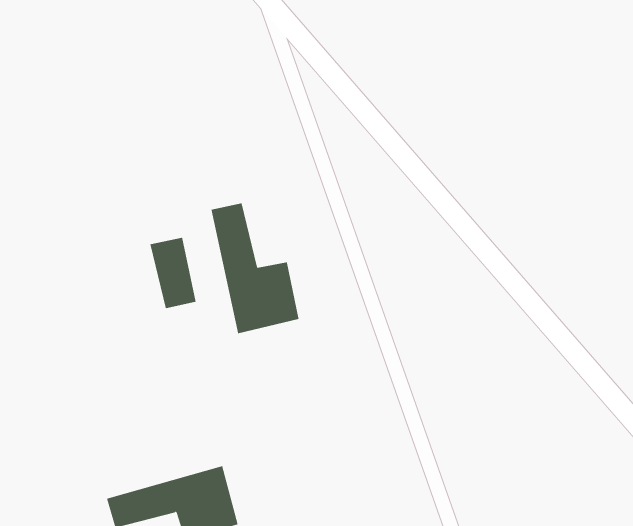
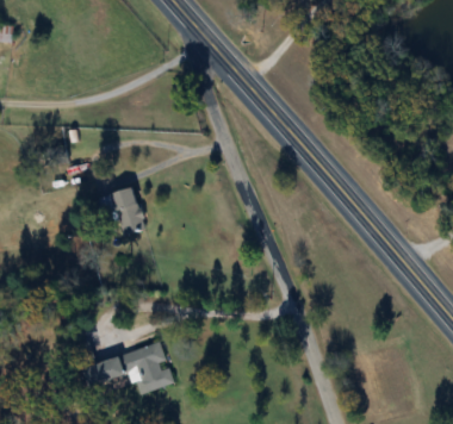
building: [211,203,299,334] -> none

